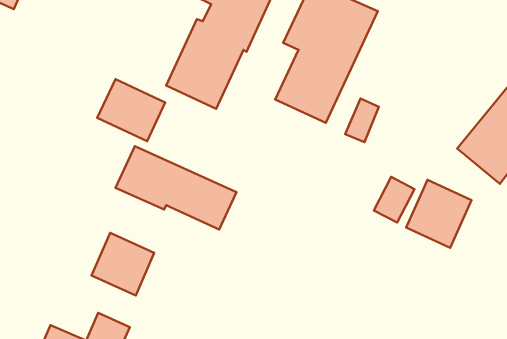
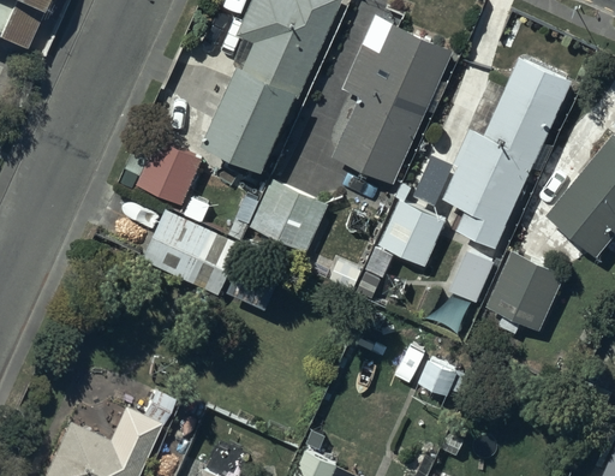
building: none -> [444,56,572,248]
building: none -> [249,179,329,255]
building: none -> [378,200,446,267]
building: [92,233,154,295] -> none

